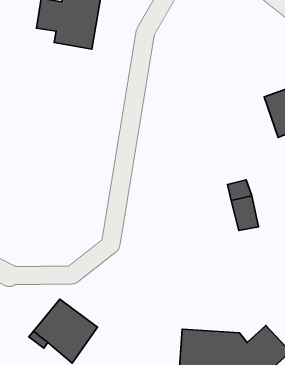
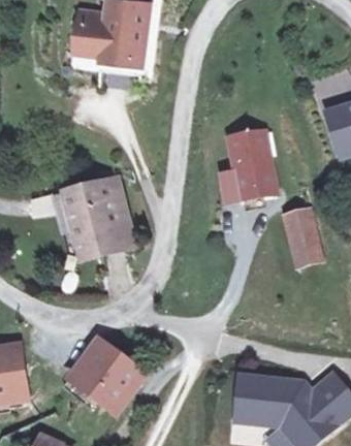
building: none -> [222,130,277,203]
building: none -> [69,184,129,257]

